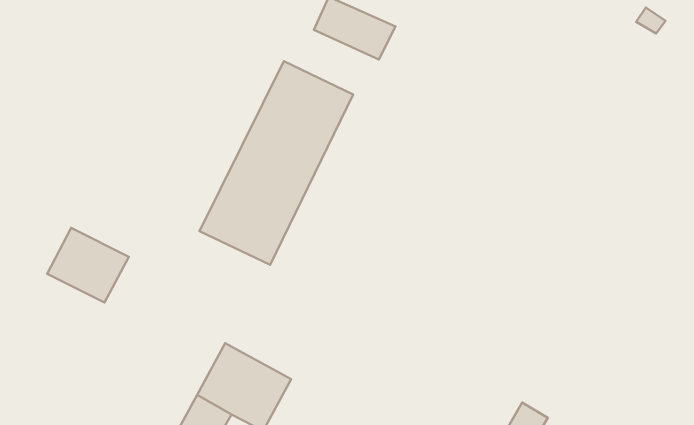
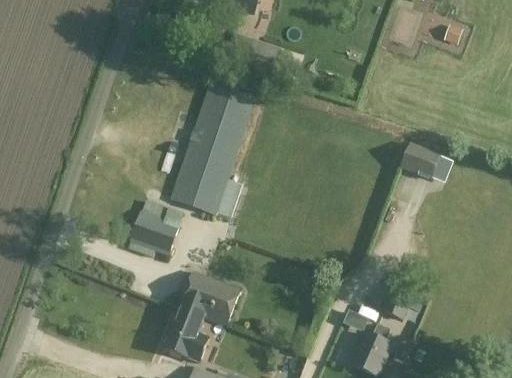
building: none -> [402,142,443,179]
building: [47,228,129,303] -> [130,209,182,255]

